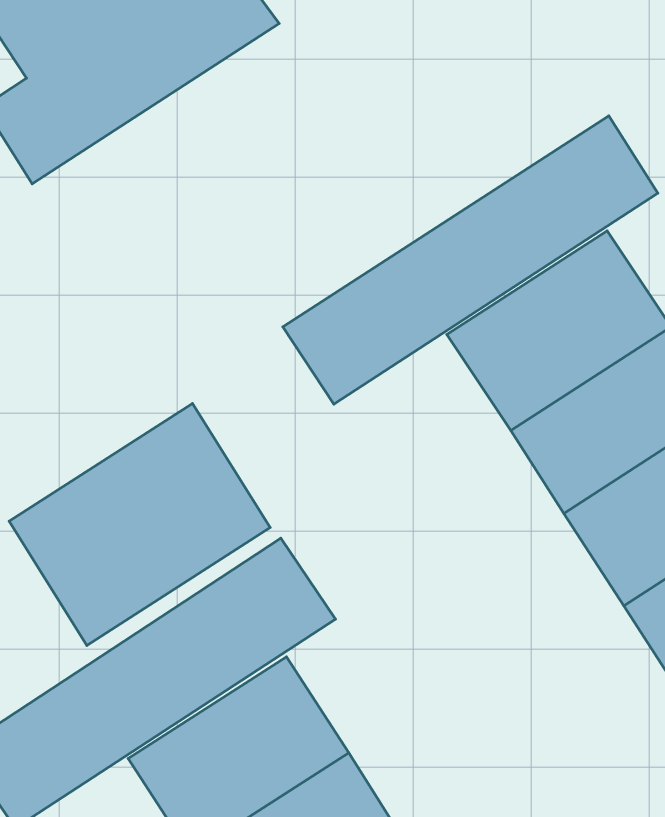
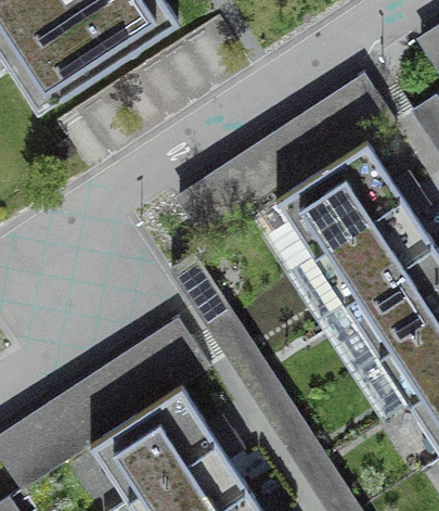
building: [9,403,270,645] -> none

